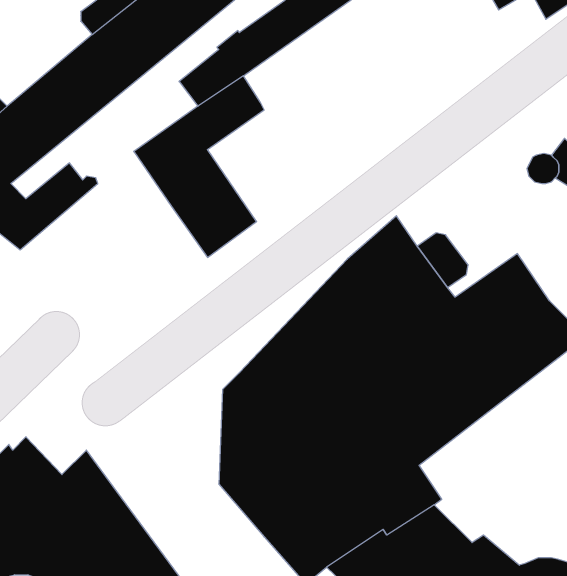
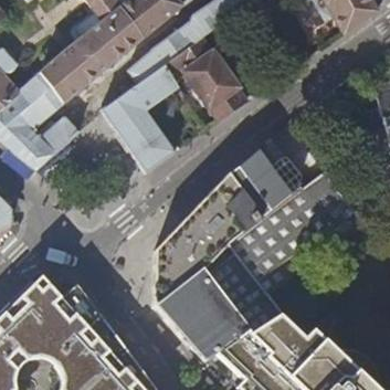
building: none -> [167,40,247,120]

